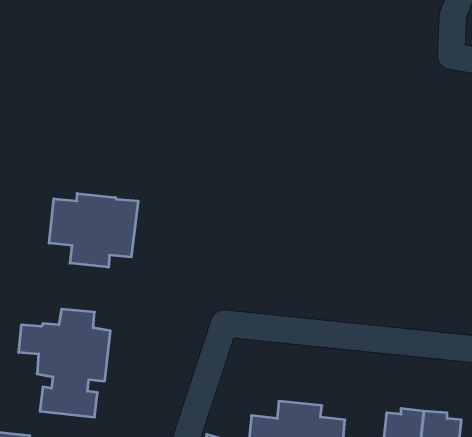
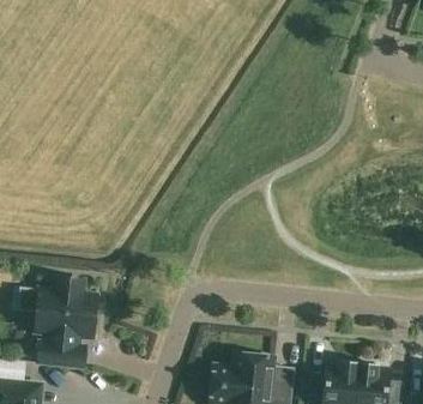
building: [49,193,138,267] -> none

